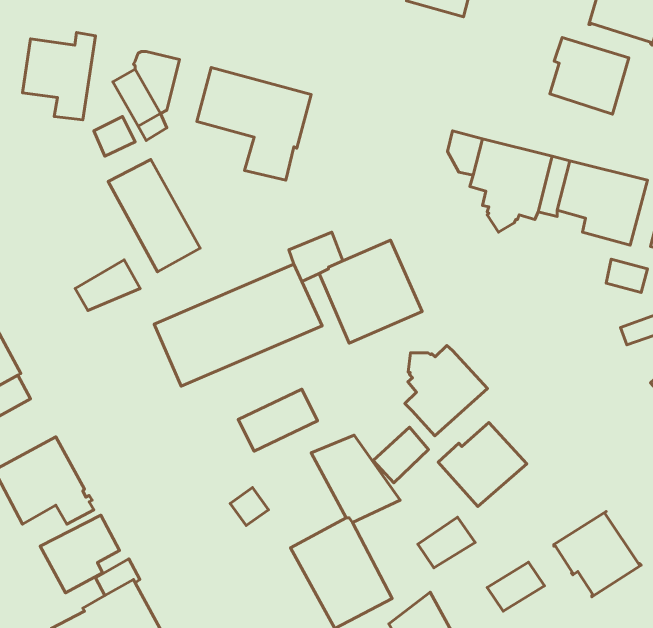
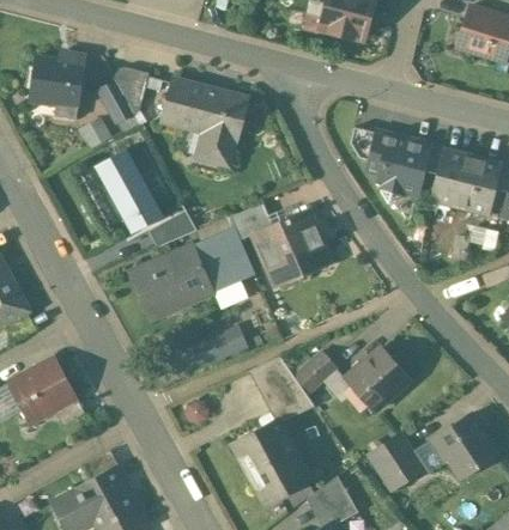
building: [550,37,629,114] -> none
building: [75,260,140,311] -> [147,209,196,248]
building: [405,346,487,436] -> none
building: [40,515,120,593] -> none
building: [418,517,475,568] -> [368,433,411,471]

